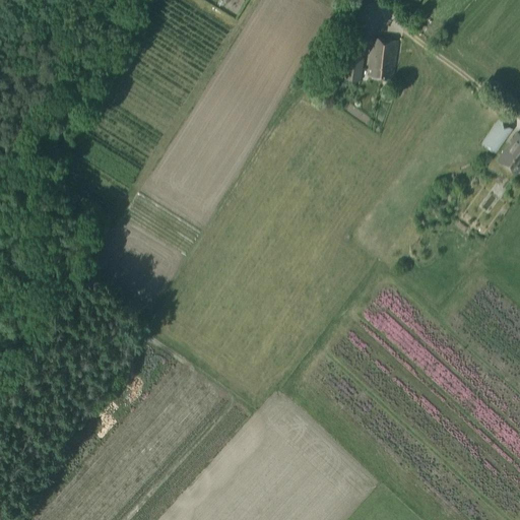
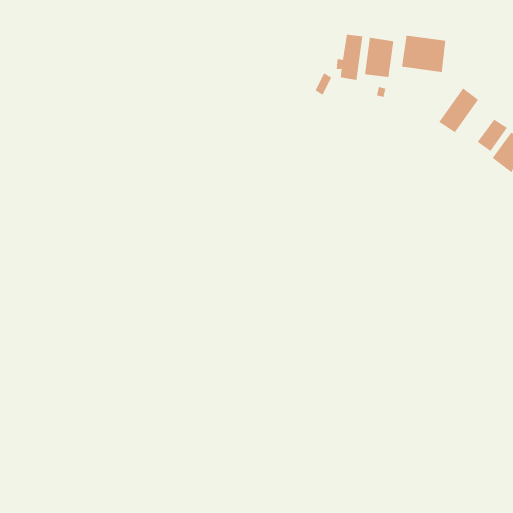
building: none -> [401,35,446,73]
building: none -> [438,88,479,133]

